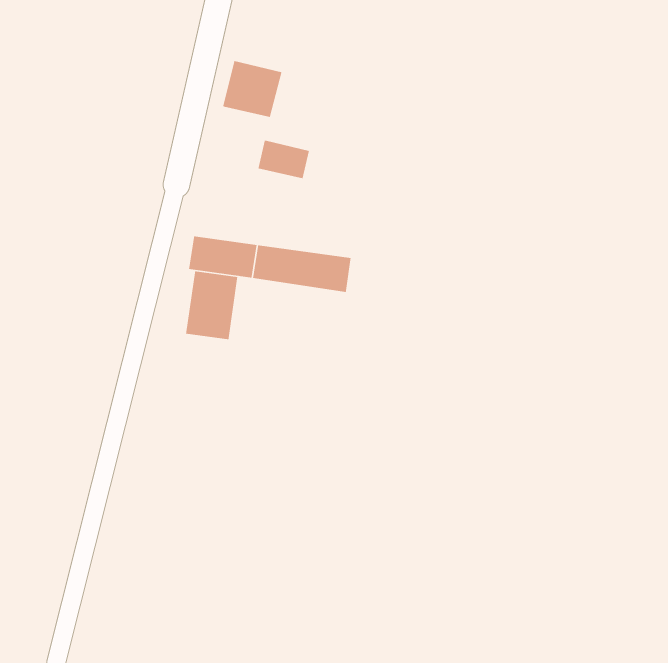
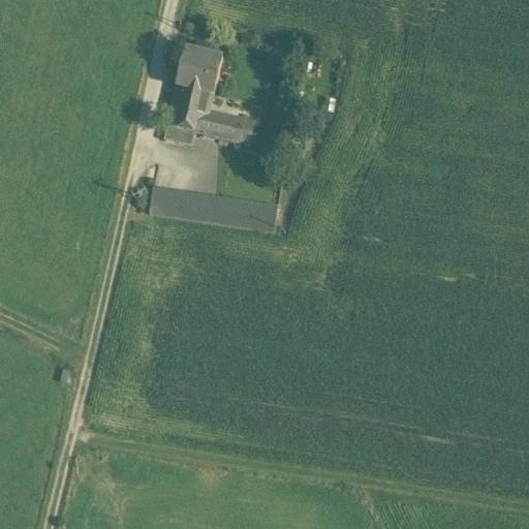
building: none -> [166,85,214,133]
building: [185,271,238,340] -> none

